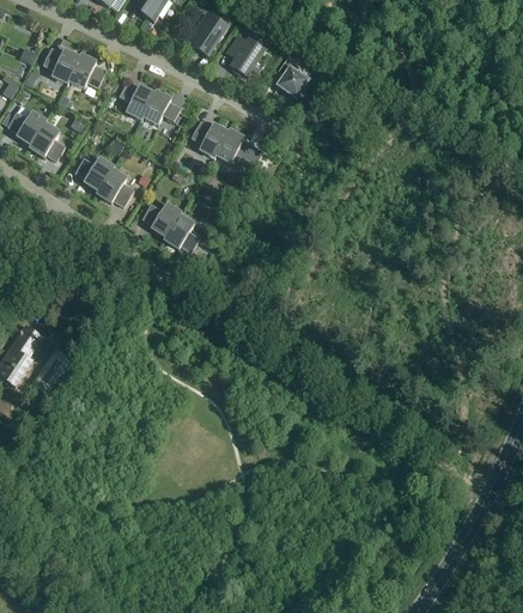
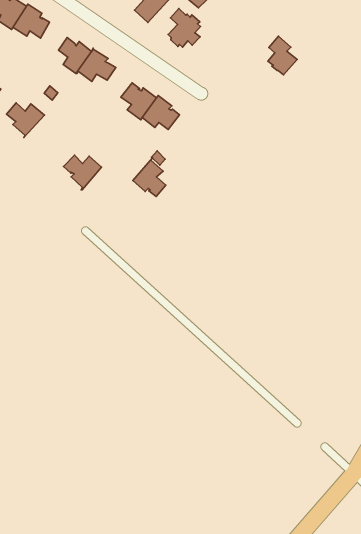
building: [276,57,308,97] -> [268,36,297,75]
building: [96,166,133,206] -> none
building: [164,212,199,251] -> [133,158,166,197]

